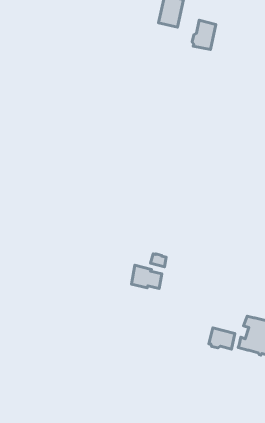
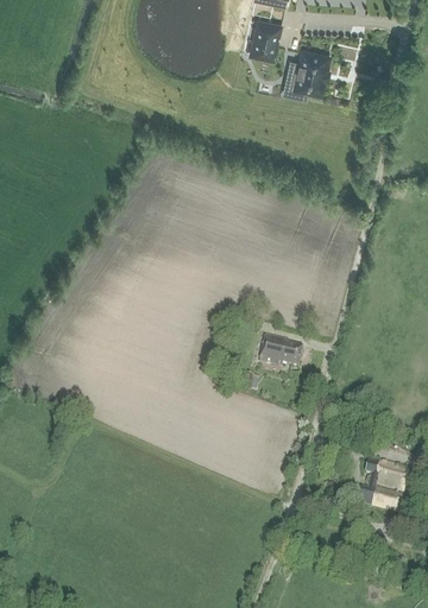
building: [131,265,162,289] -> [259,332,301,365]
building: [209,328,235,349] -> none

